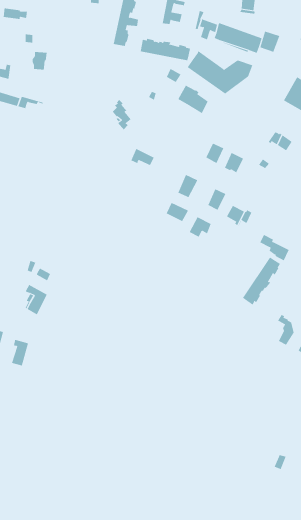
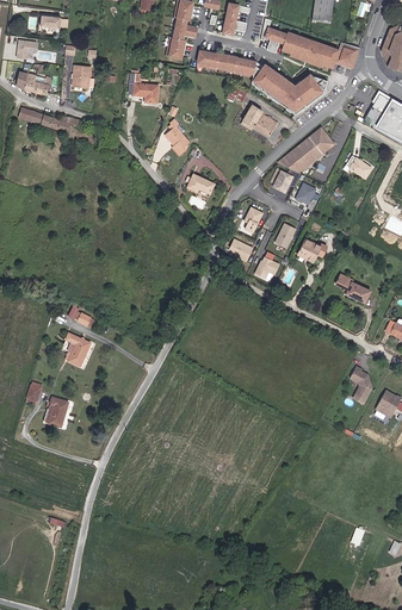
building: none -> [128,75,160,106]
building: none -> [278,126,336,173]
building: [242,257,281,306] -> none

